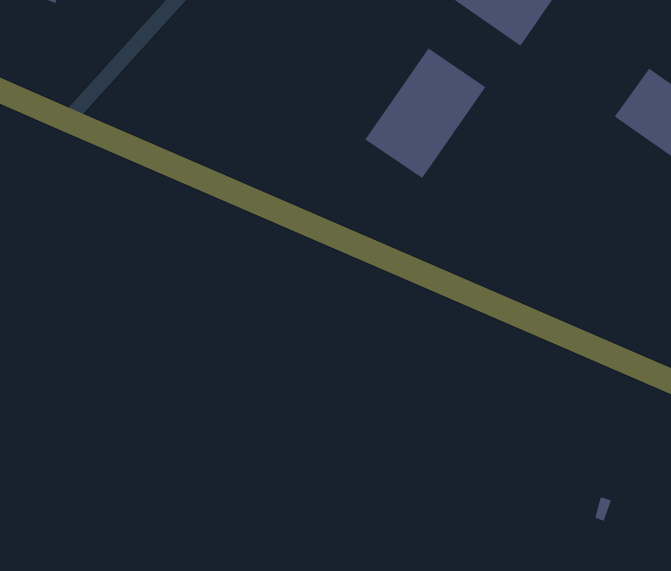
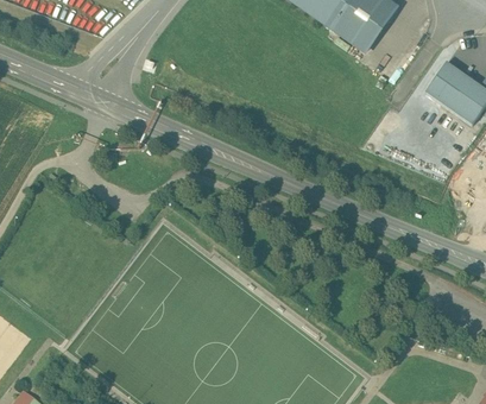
building: [364,48,486,179] -> none

